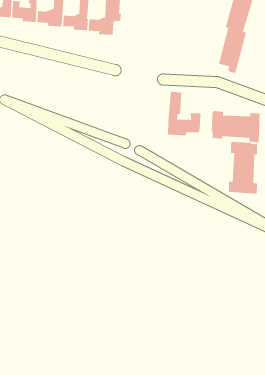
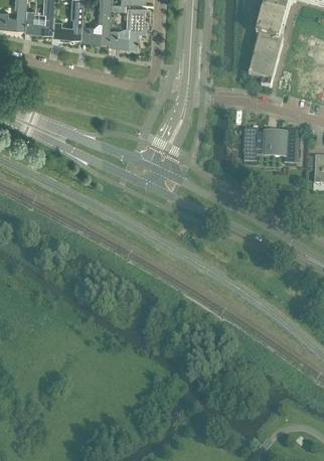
building: [167,91,201,136] -> none
building: [228,141,258,194] -> none

